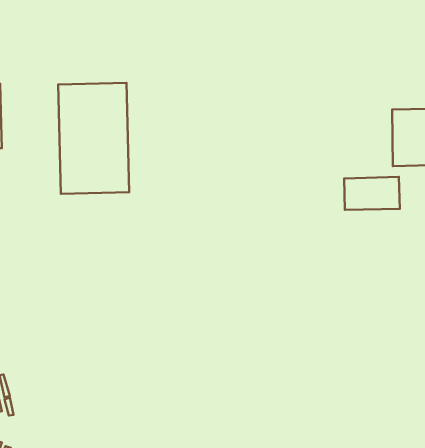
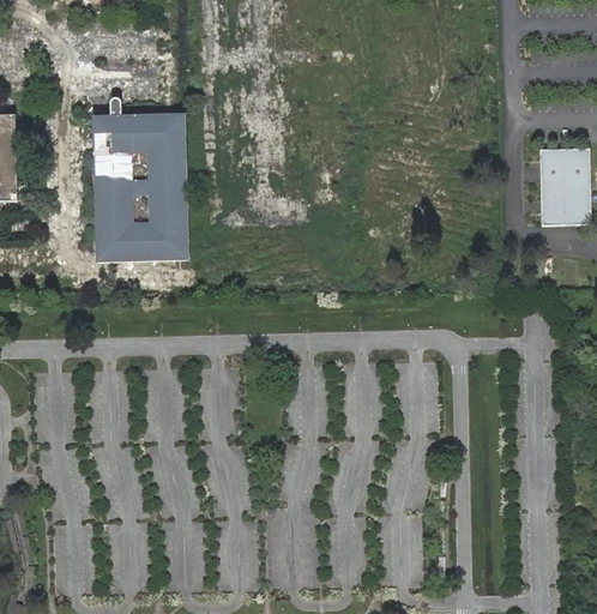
building: [344,177,400,210] -> none

